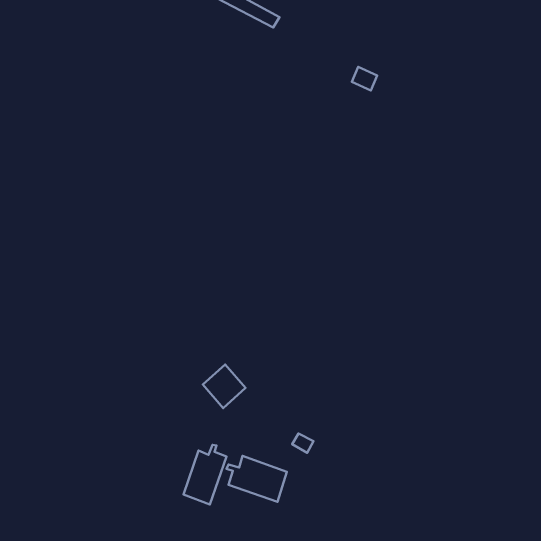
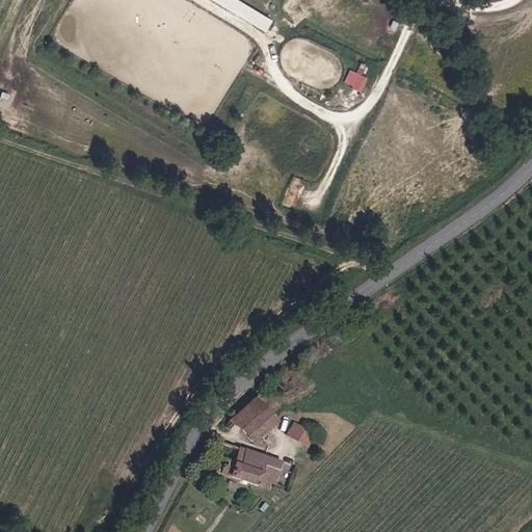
building: [203,364,245,408] -> [234,398,275,441]
building: [184,445,226,504] -> none

